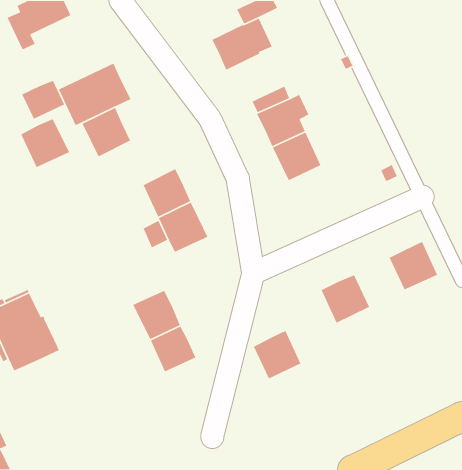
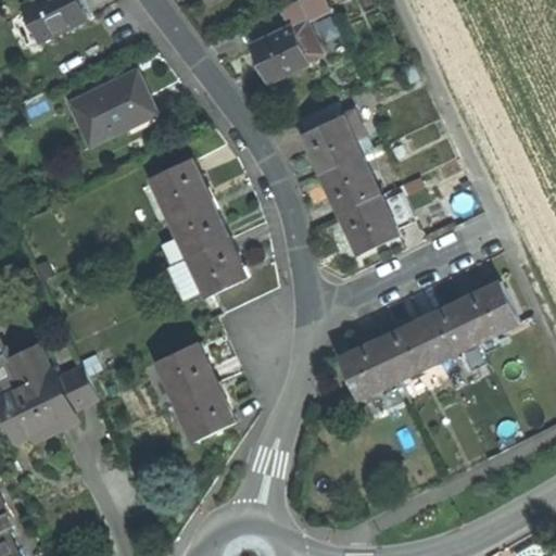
building: [21,80,65,120] -> none
building: [81,107,131,157] -> [149,159,207,218]
building: [20,118,70,168] -> none
building: none -> [341,189,421,254]
building: none -> [419,304,478,363]
building: none -> [53,365,94,408]
building: [253,330,302,380] -> [340,342,397,401]

